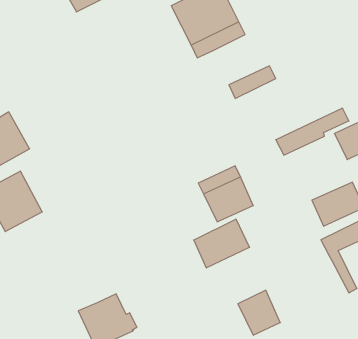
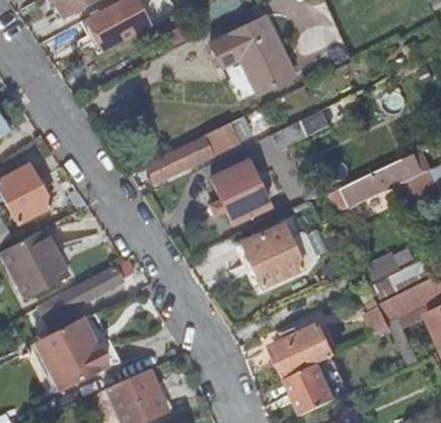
building: none -> [145,122,238,182]
building: none -> [214,160,269,223]
building: none -> [32,266,122,390]
building: [194,219,250,268] -> [272,324,335,378]

